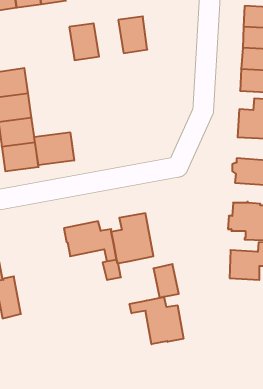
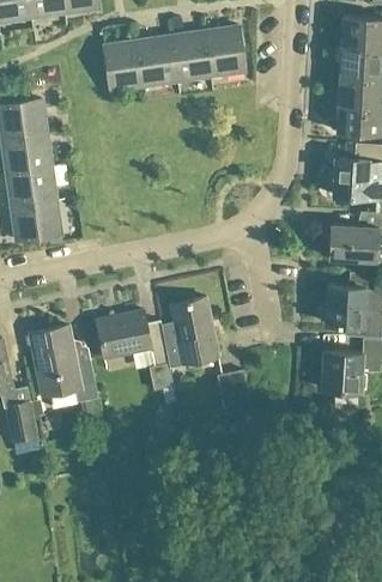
building: none -> [204,25,243,75]
building: none -> [137,35,177,85]
building: [34,132,74,165] -> none
building: none -> [30,327,97,404]
building: [130,297,183,344] -> none

